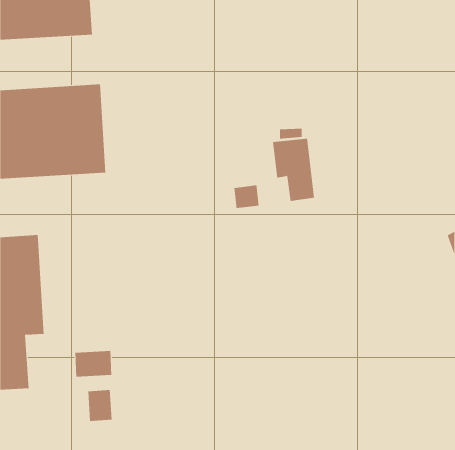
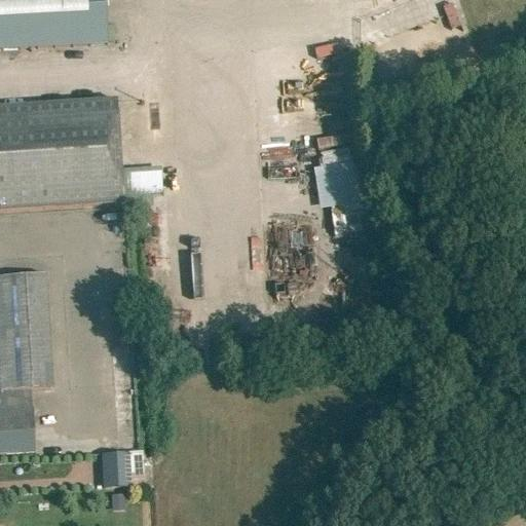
building: [234,185,259,209] -> none
building: [75,350,112,378] -> none

